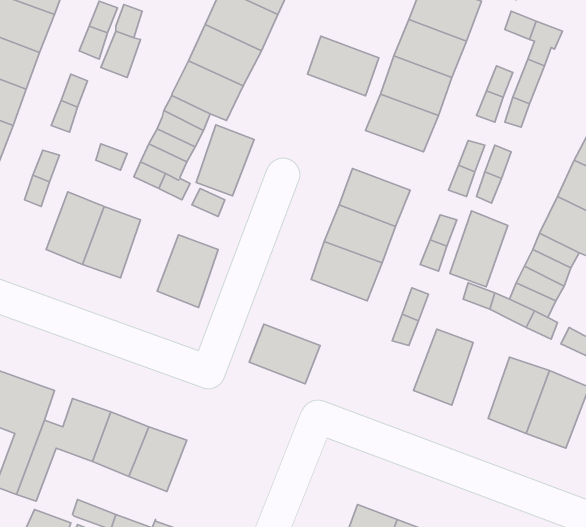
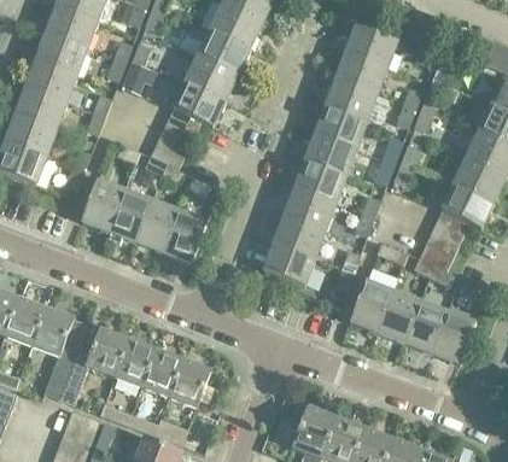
building: [308,36,379,96] -> [304,134,356,177]
building: [196,125,254,196] -> [135,199,177,251]
building: [450,211,508,287] -> [376,288,419,344]
building: [249,324,320,384] -> [263,242,315,286]
building: none -> [169,359,210,407]

